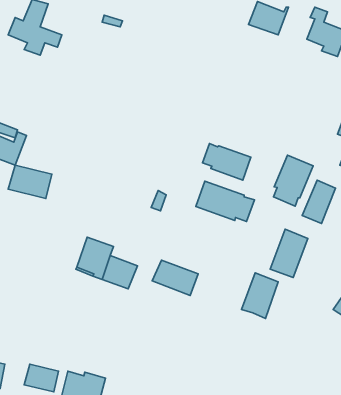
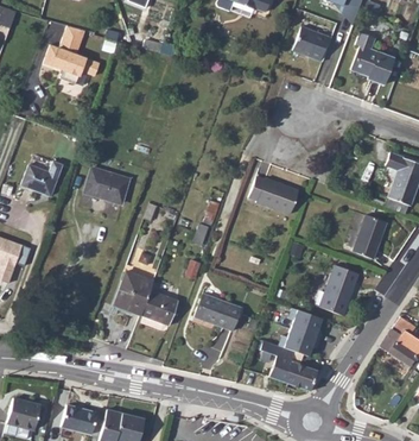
building: [273,155,313,206] -> none
building: [8,165,52,198] -> [83,169,128,203]
building: [196,181,254,221] -> none
building: none -> [262,339,319,392]

